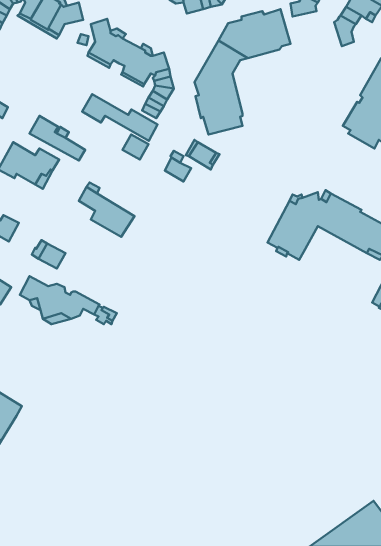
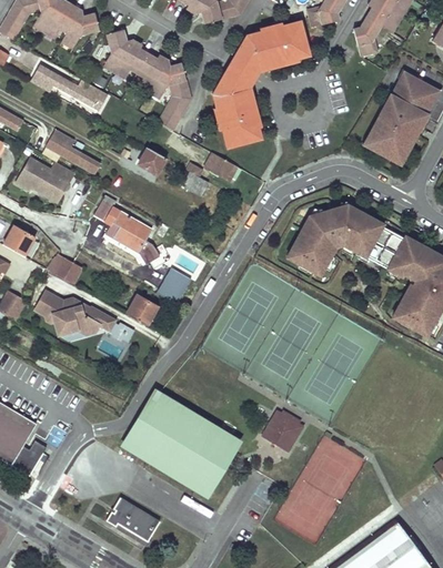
building: [82,94,158,141] -> [30,63,107,111]
building: none -> [154,266,190,304]
building: none -> [127,298,157,325]
building: none -> [124,395,236,490]
building: none -> [261,408,305,453]
building: none -> [105,498,159,541]

